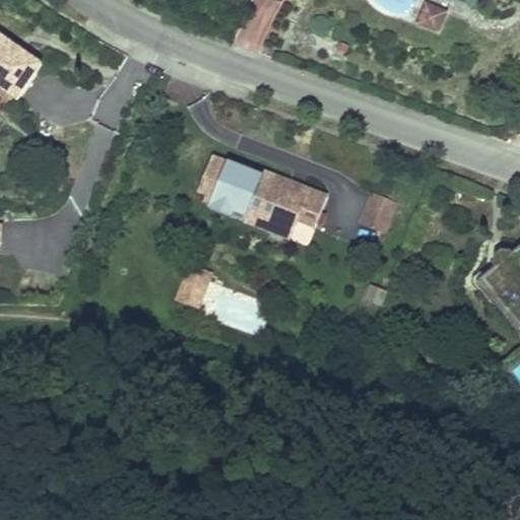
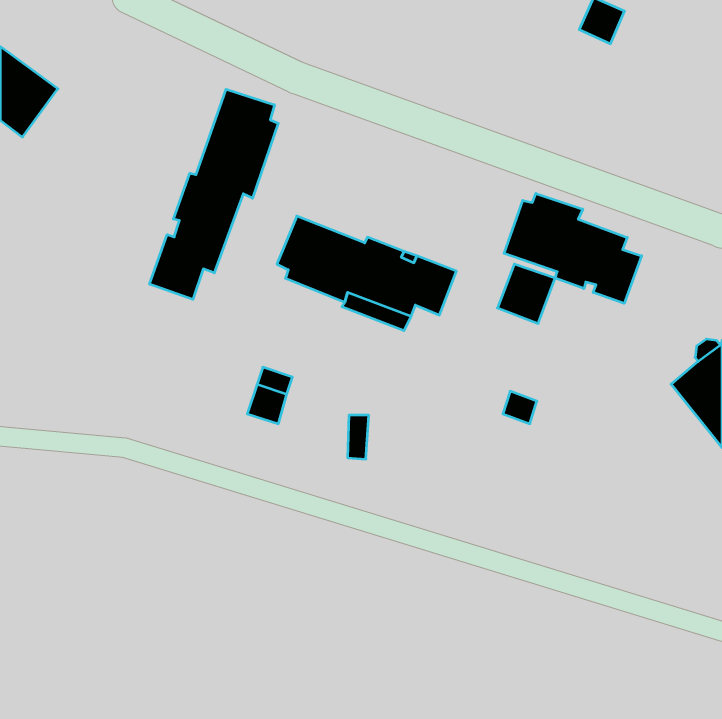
building: none -> [150,89,278,299]
building: none -> [504,193,642,303]

